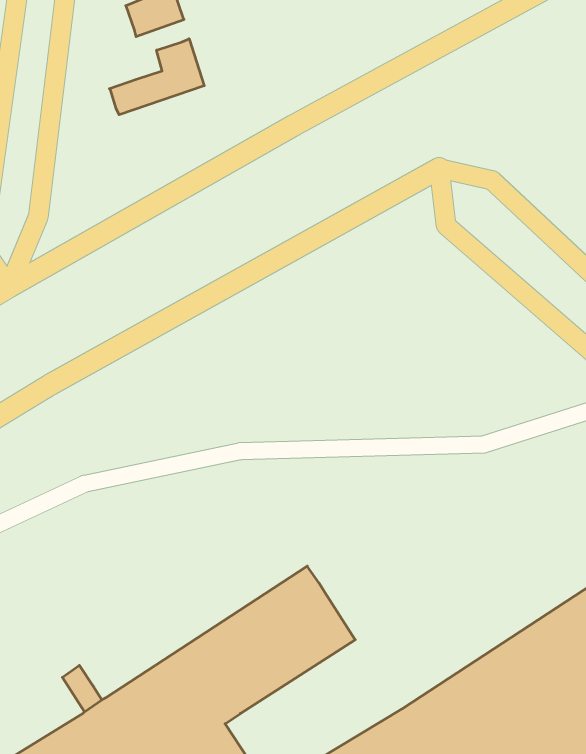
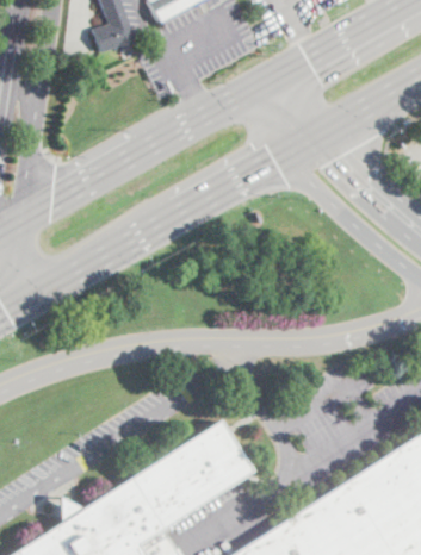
building: [109,39,204,115] -> none

